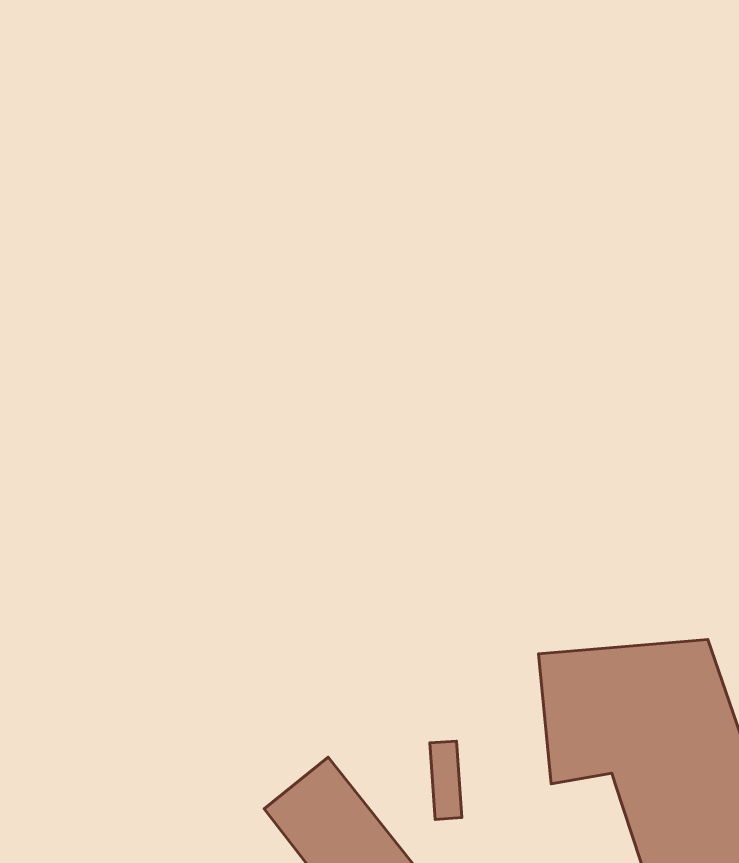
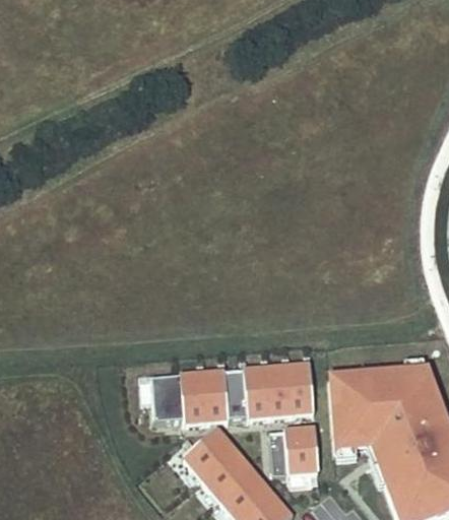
building: none -> [152,364,312,424]
building: none -> [287,422,322,479]

